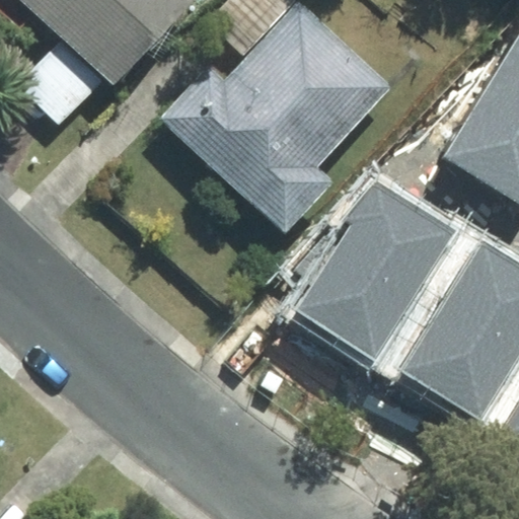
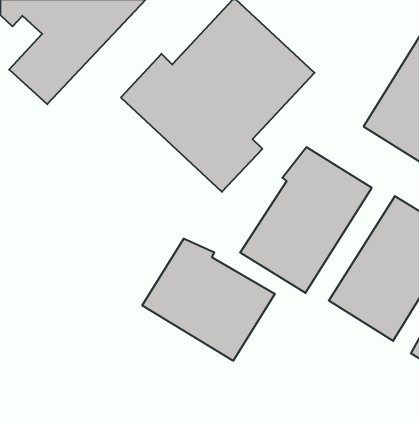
building: none -> [142,239,275,361]

